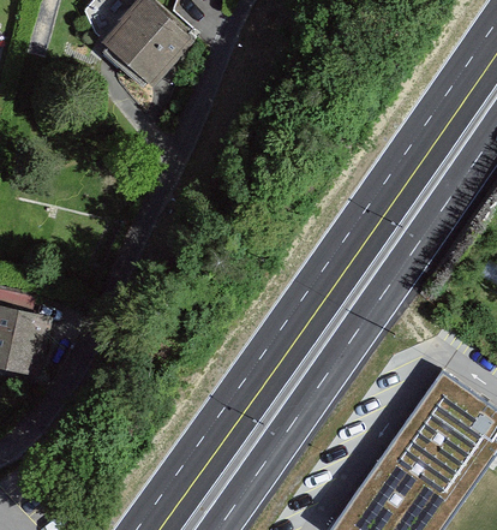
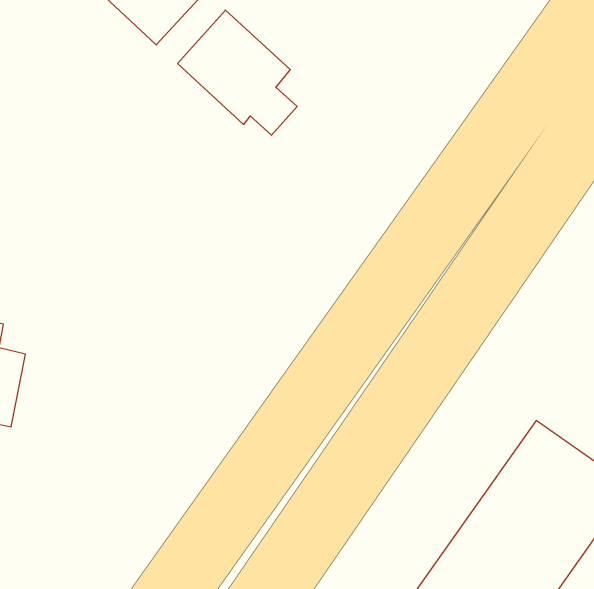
building: none -> [178,10,297,135]

